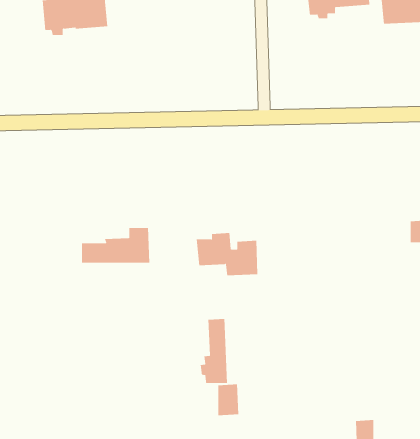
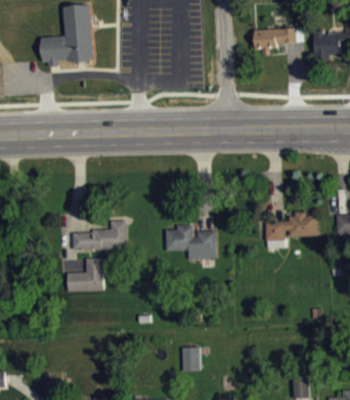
building: none -> [265,212,317,248]
building: none -> [67,258,104,292]
building: [200,318,228,384] -> none

